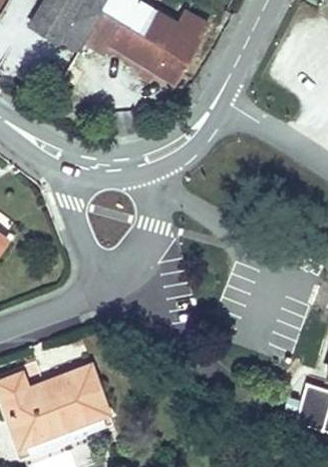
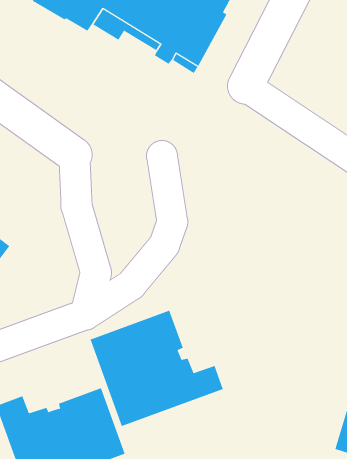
building: none -> [90,310,223,427]

